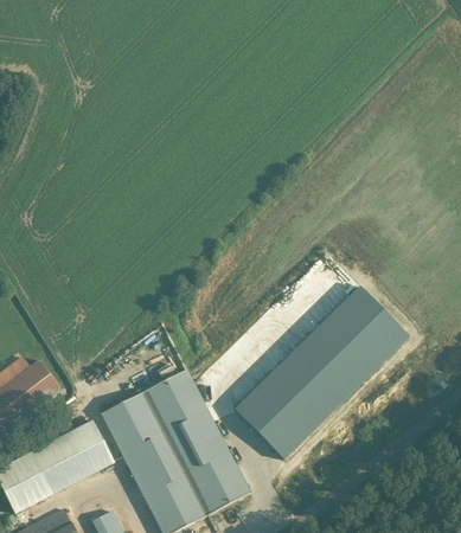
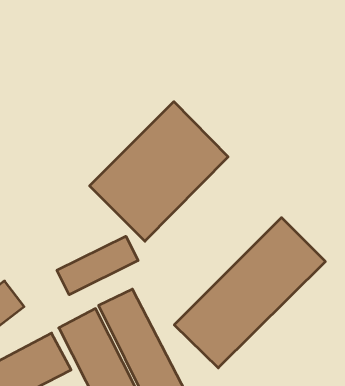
building: none -> [90,102,228,241]
building: none -> [57,236,138,295]

